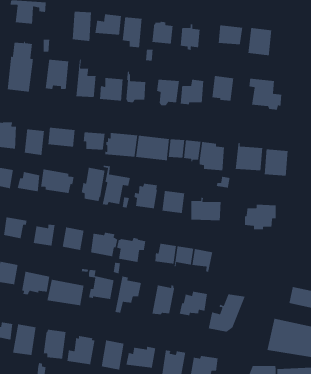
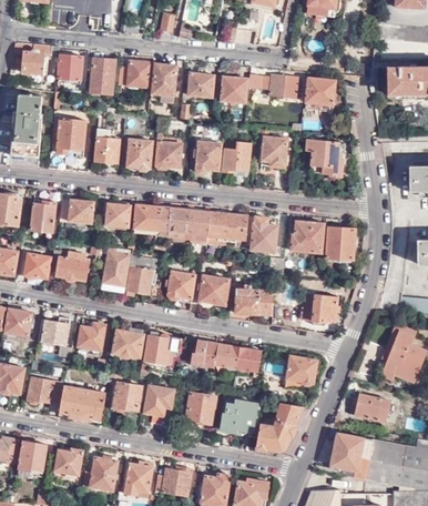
building: none -> [58,54,82,84]
building: none -> [285,355,317,383]

